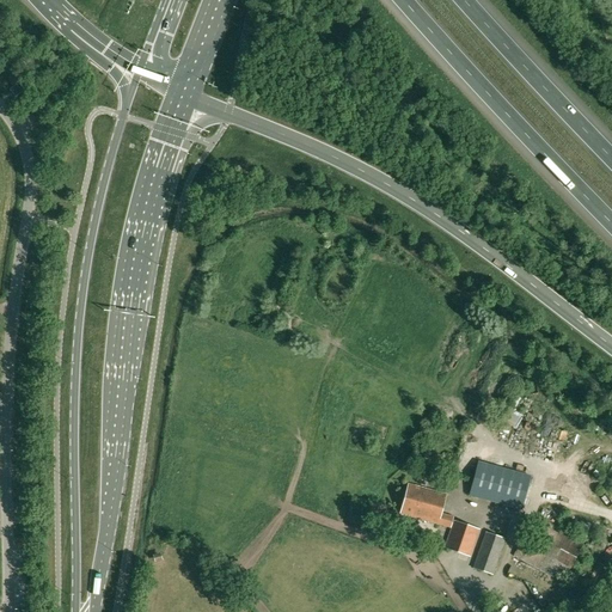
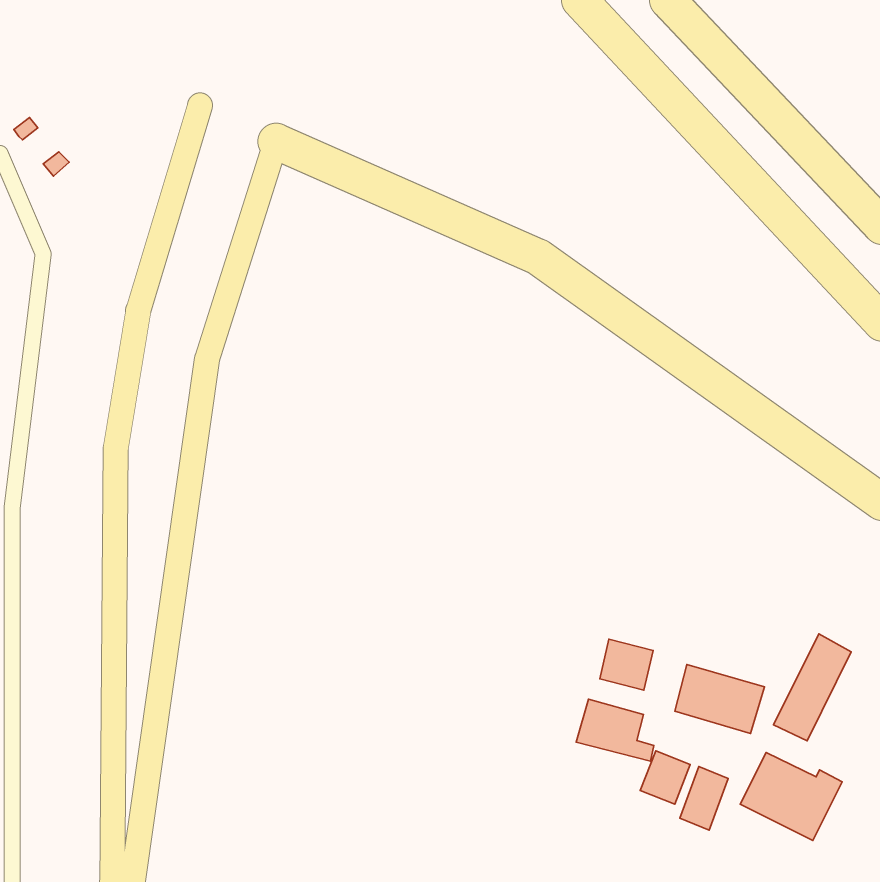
building: none -> [774,634,851,741]
building: none -> [600,639,653,690]

